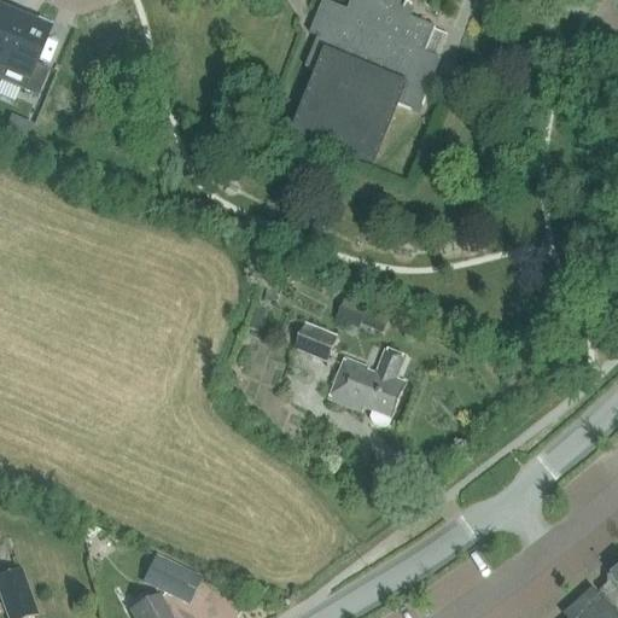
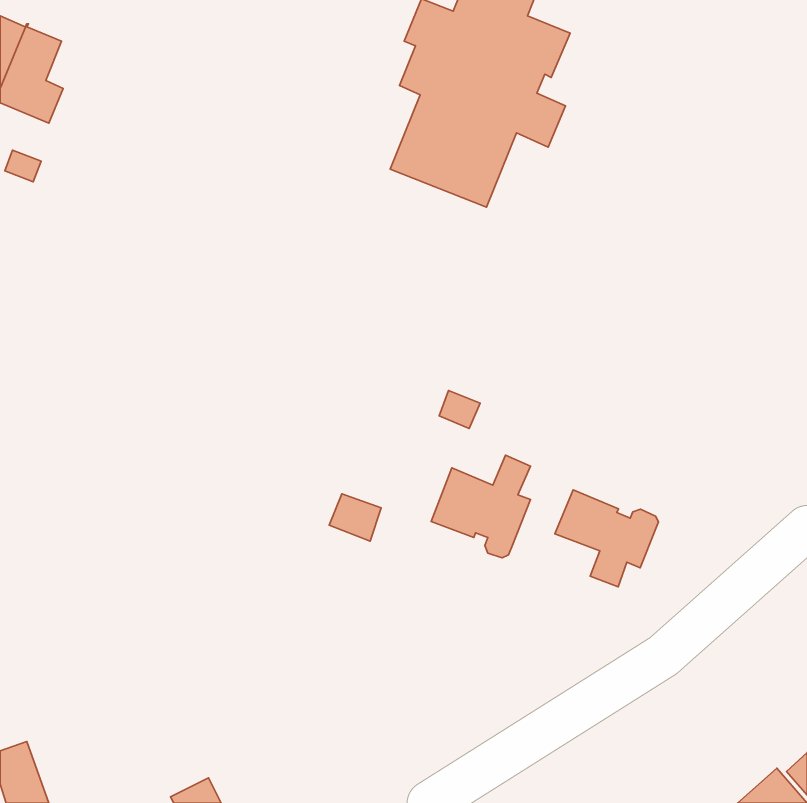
building: [297,323,337,360] -> [329,494,381,541]
building: none -> [555,490,658,587]
building: [147,554,202,602] -> none

